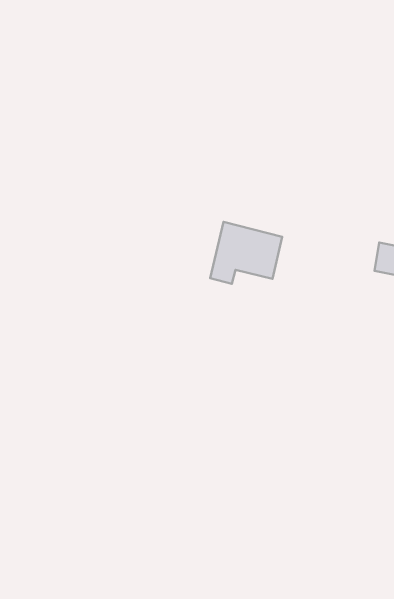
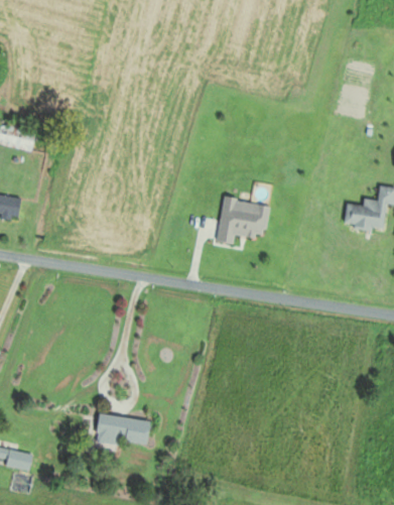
building: none -> [97,413,151,444]

